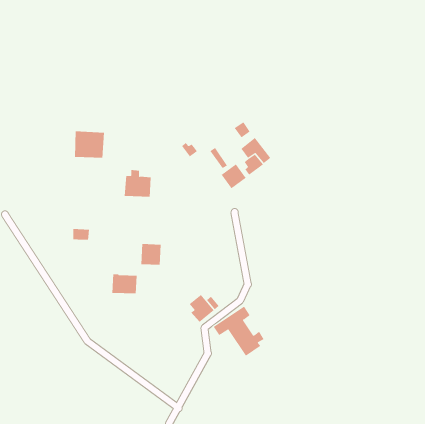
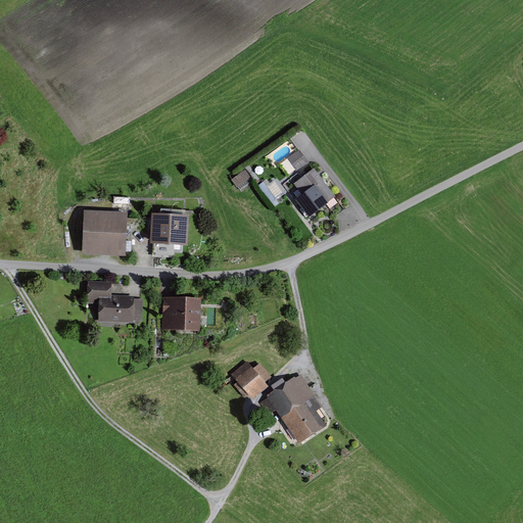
building: [74,131,105,158] -> [86,216,124,249]
building: [221,164,247,189] -> none
building: [112,274,137,294] -> [100,295,132,320]

